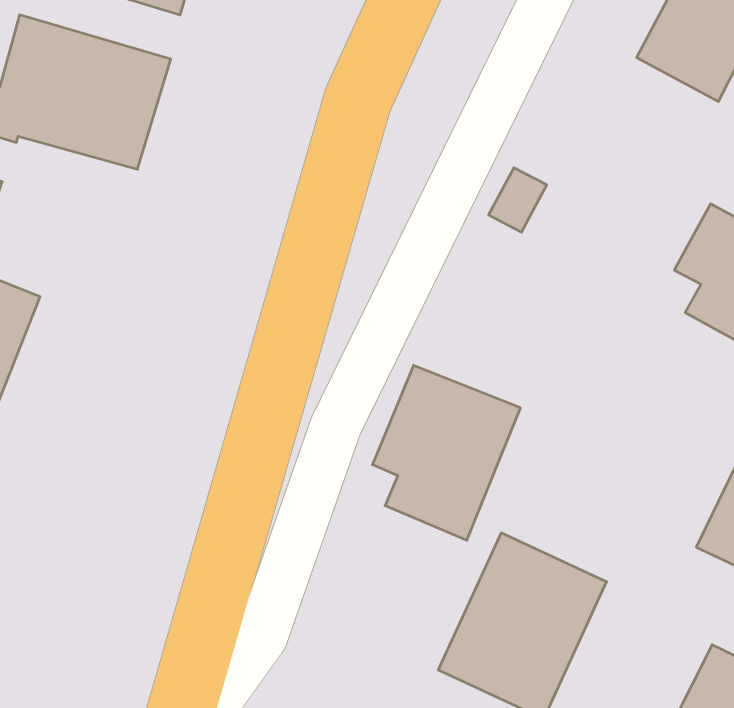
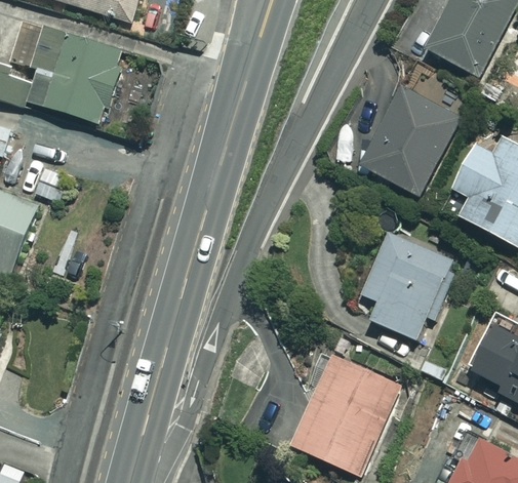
building: none -> [357,85,461,197]
building: [372,365,520,540] -> [361,229,457,343]

